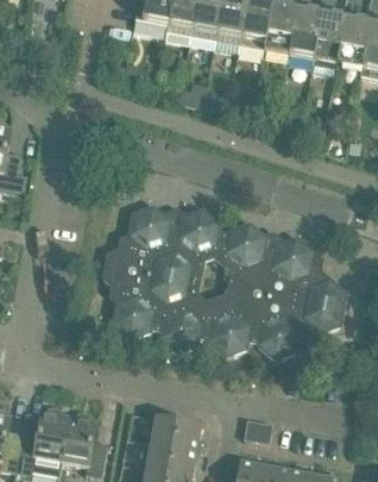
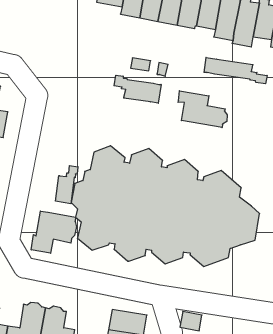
building: none -> [204,57,267,84]
building: none -> [114,75,161,103]
building: none -> [178,91,227,128]
building: none -> [56,166,78,204]
building: none -> [31,211,76,253]

